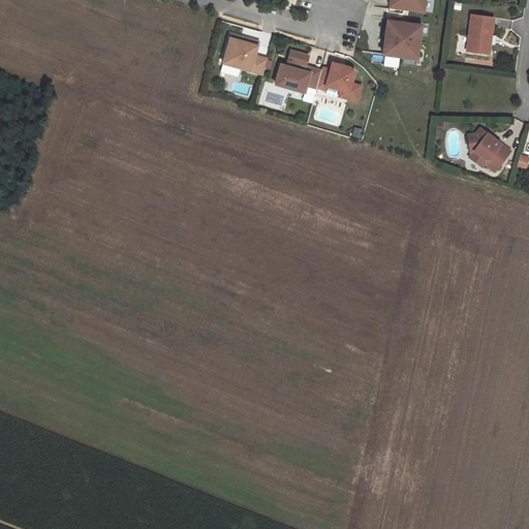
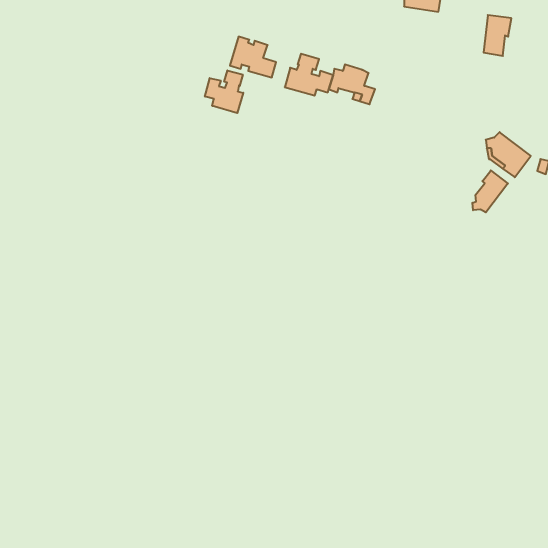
building: [382,20,422,58] -> none
building: none -> [205,70,243,113]
building: none -> [472,170,508,212]

